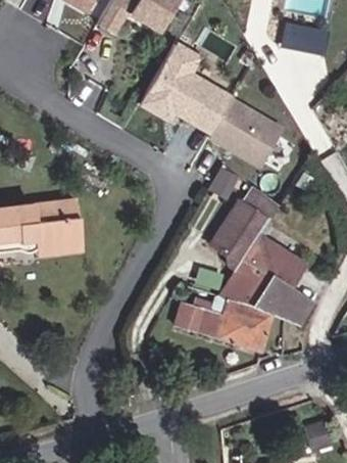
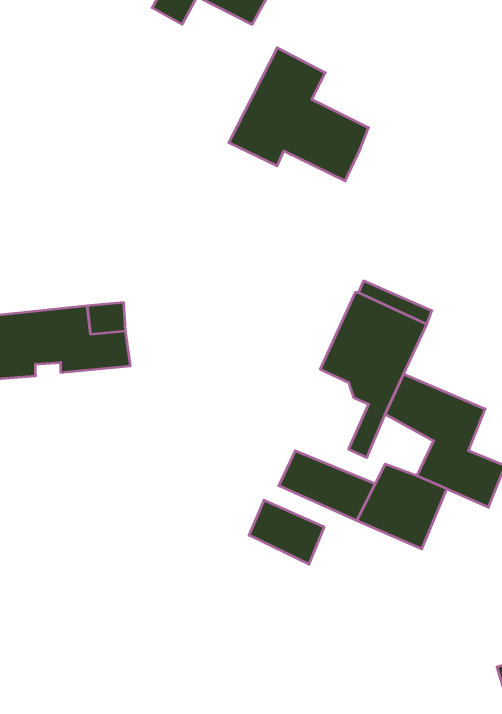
building: [215,109,276,154] -> none
building: [230,272,270,310] -> none
building: none -> [249,500,324,564]

